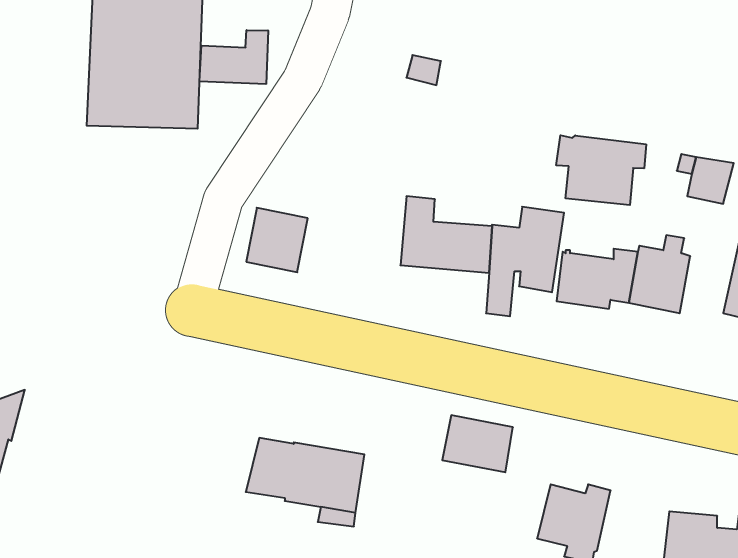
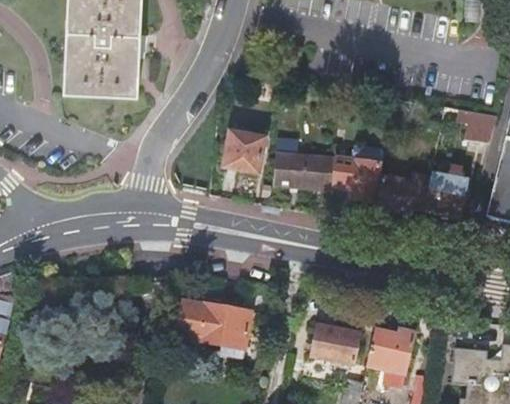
building: [199,30,268,84] -> none
building: [556,135,646,205] -> none
building: [246,208,308,272] -> [225,131,266,174]
building: [442,415,513,472] -> [312,326,359,364]

